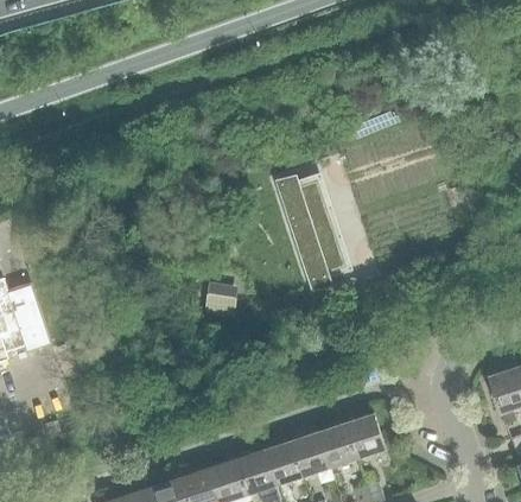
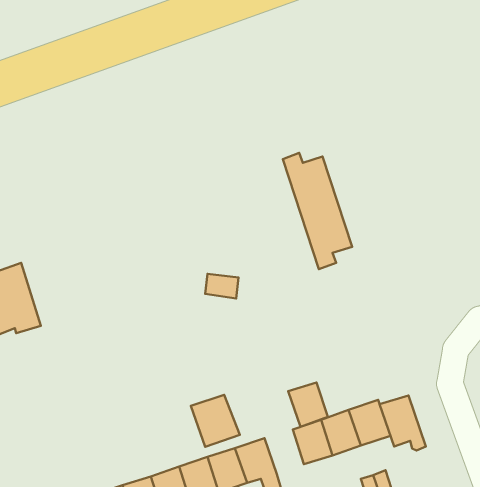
building: none -> [191,395,240,447]
building: none -> [380,395,426,450]
building: [262,443,300,485] -> [288,382,328,427]

